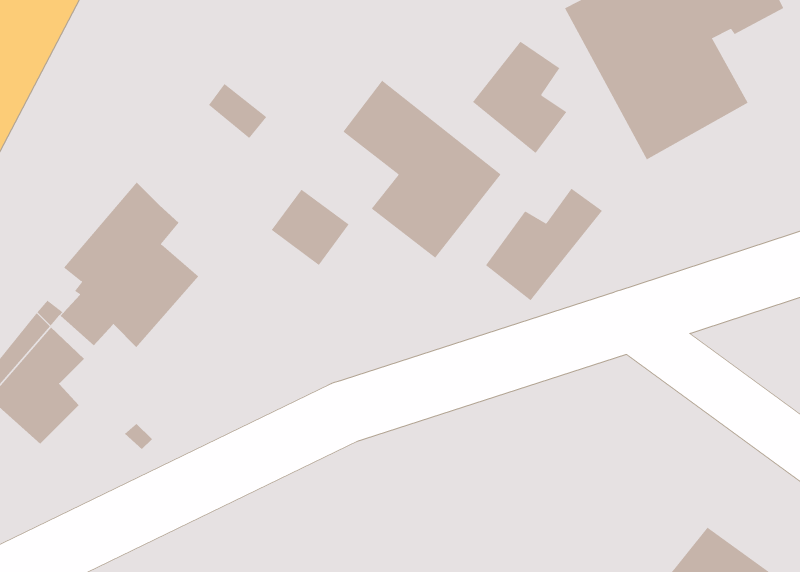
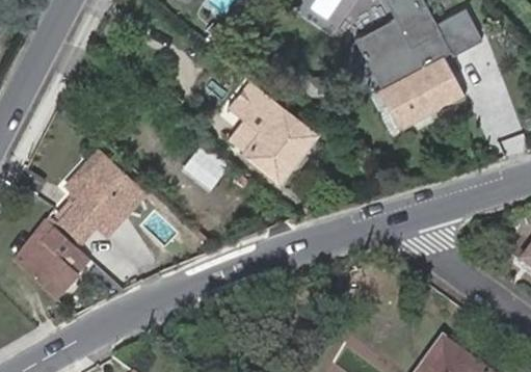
building: [472,41,567,154] -> none
building: [485,188,603,301] -> none

